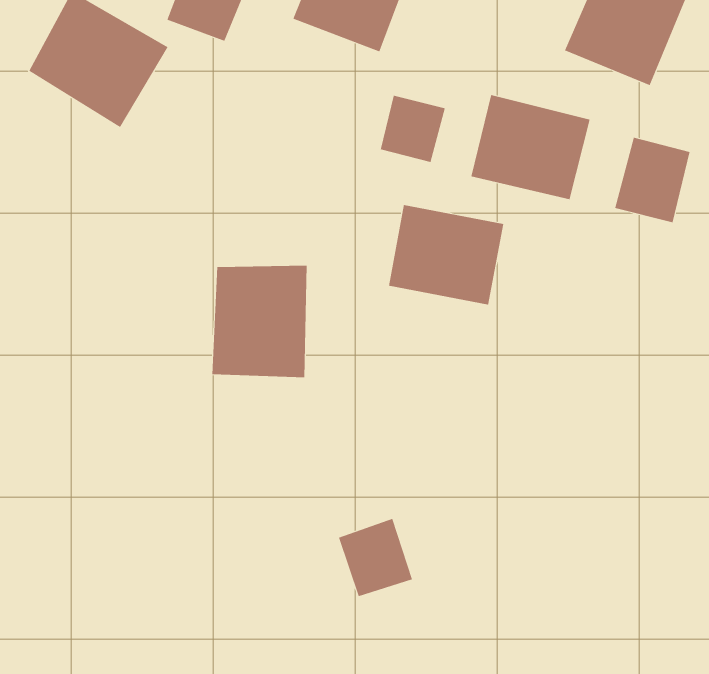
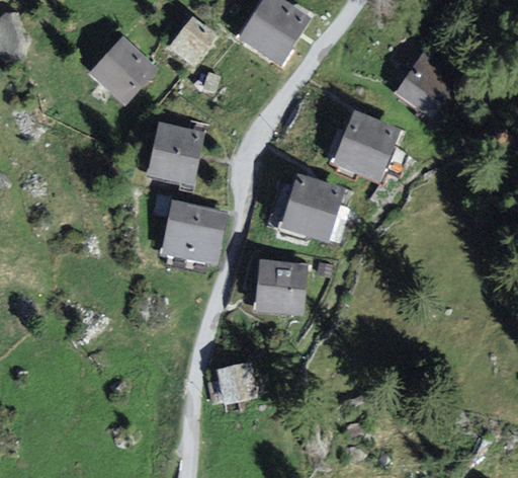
building: [380,95,446,163] -> none
building: none -> [134,115,201,190]
building: [615,137,690,223] -> none
building: none -> [252,253,323,315]

